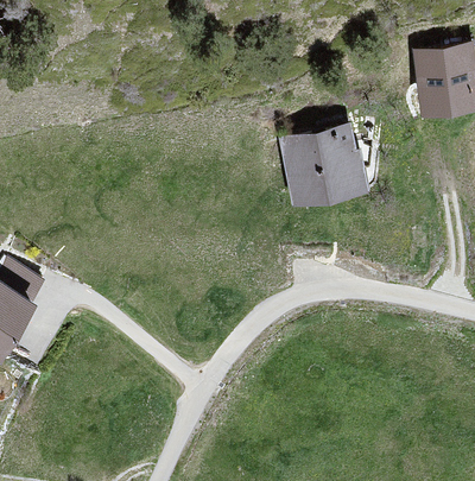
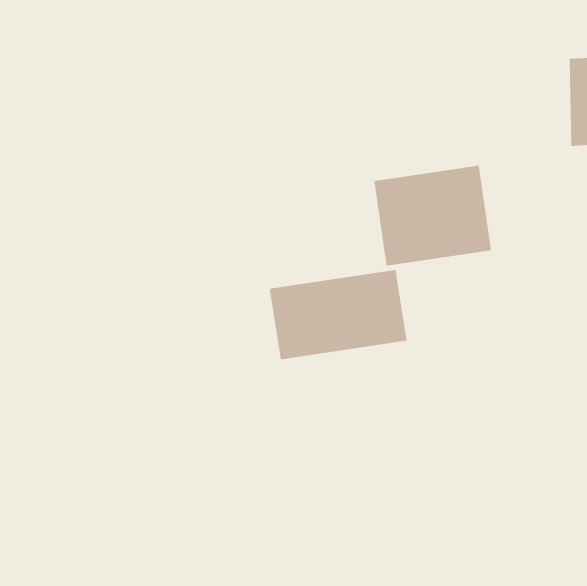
building: none -> [269,269,407,360]

